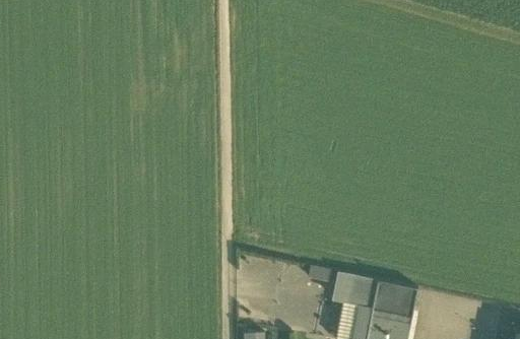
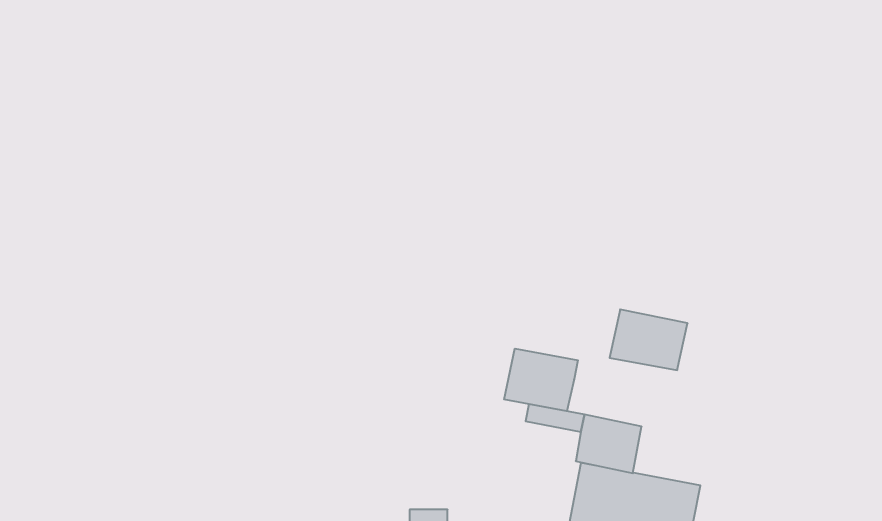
building: none -> [504,349,578,411]
building: [373,278,418,314] -> [610,309,688,370]

